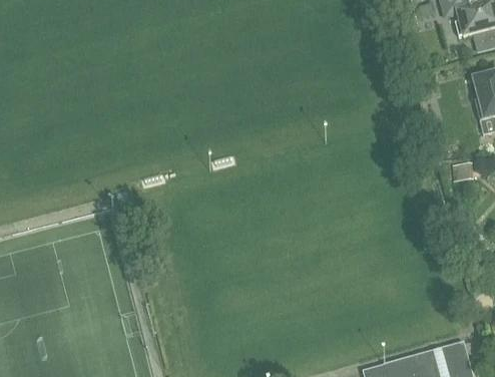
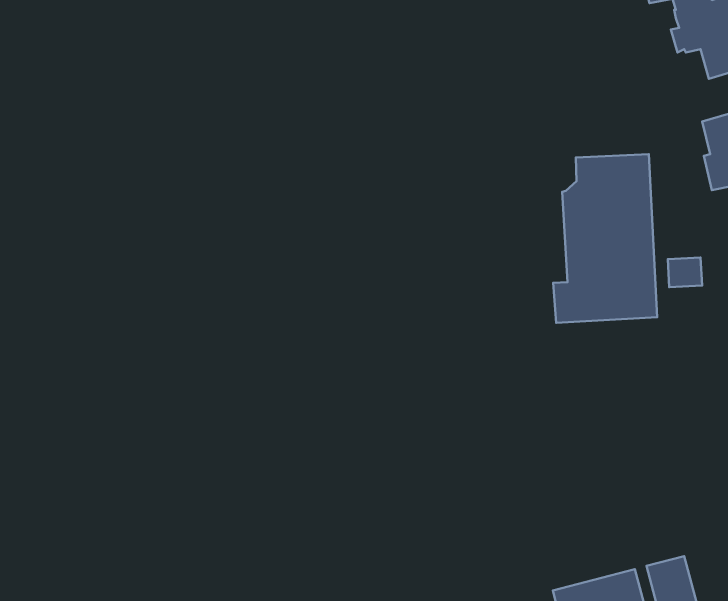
building: none -> [553,154,657,323]

